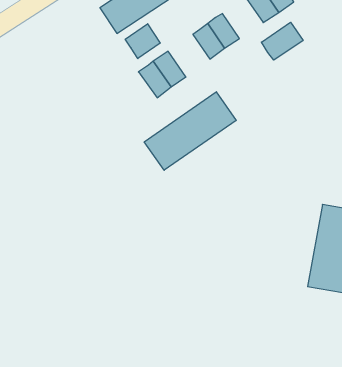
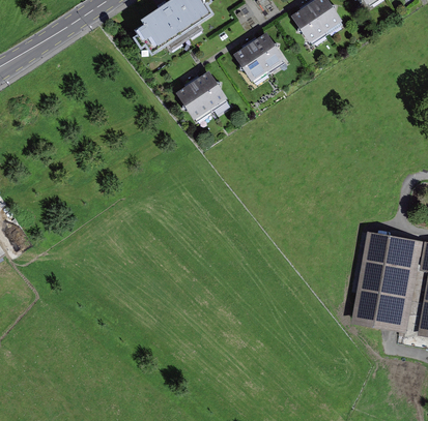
building: [261,22,303,60] -> none
building: [125,24,160,59] -> none
building: [144,92,236,170] -> none

